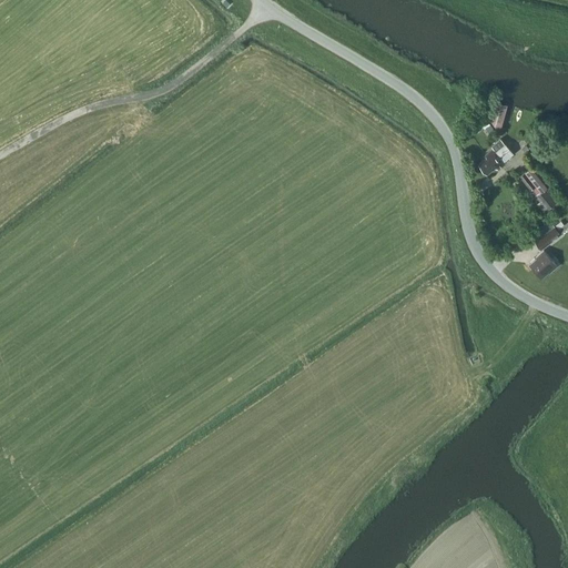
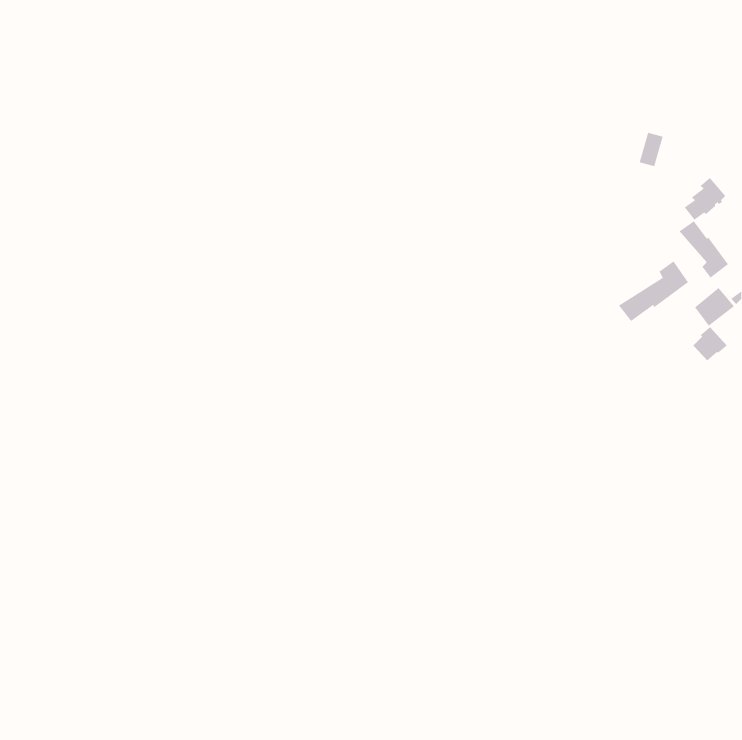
building: [479,141,511,174] -> [684,177,726,221]
building: none -> [617,260,689,322]

